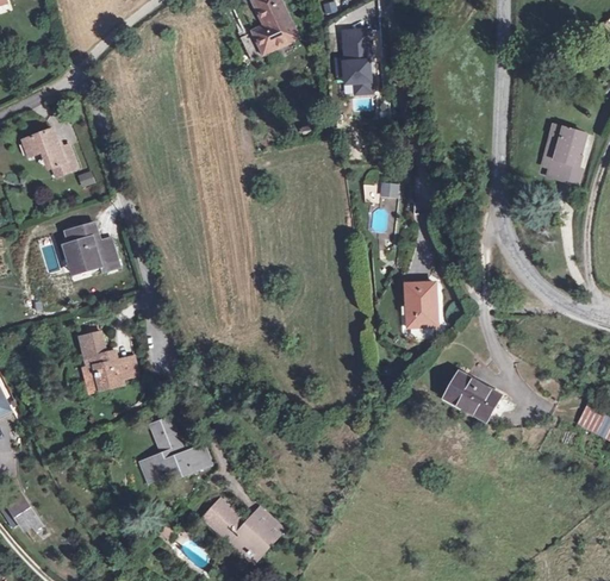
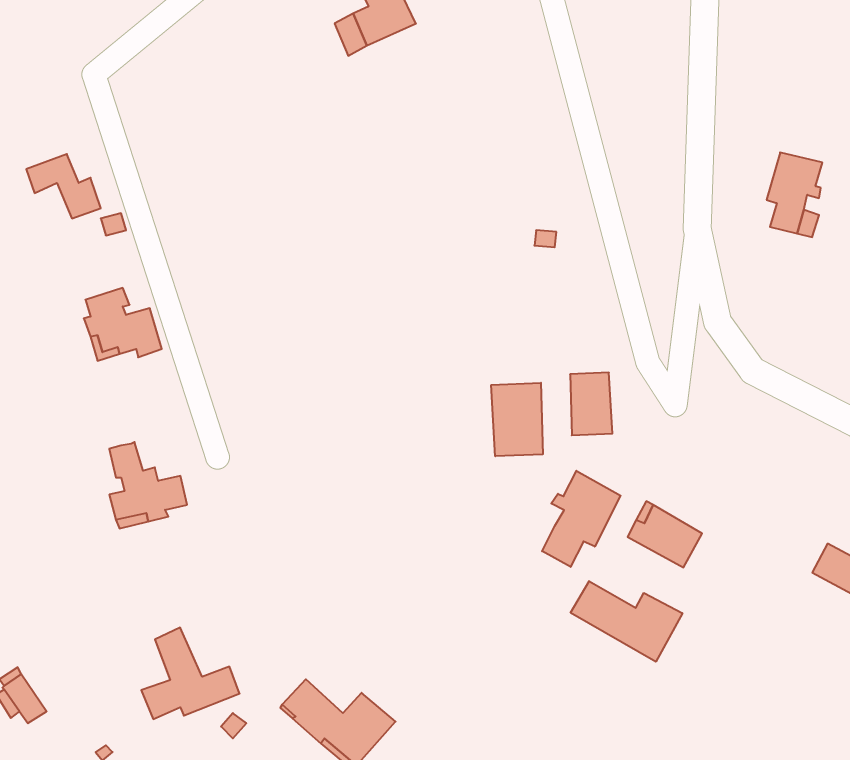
building: [332,26,373,96] -> none
building: none -> [491,383,543,456]
building: none -> [542,471,621,567]
building: [142,417,211,481] -> [141,628,240,719]
building: none -> [571,581,682,662]

